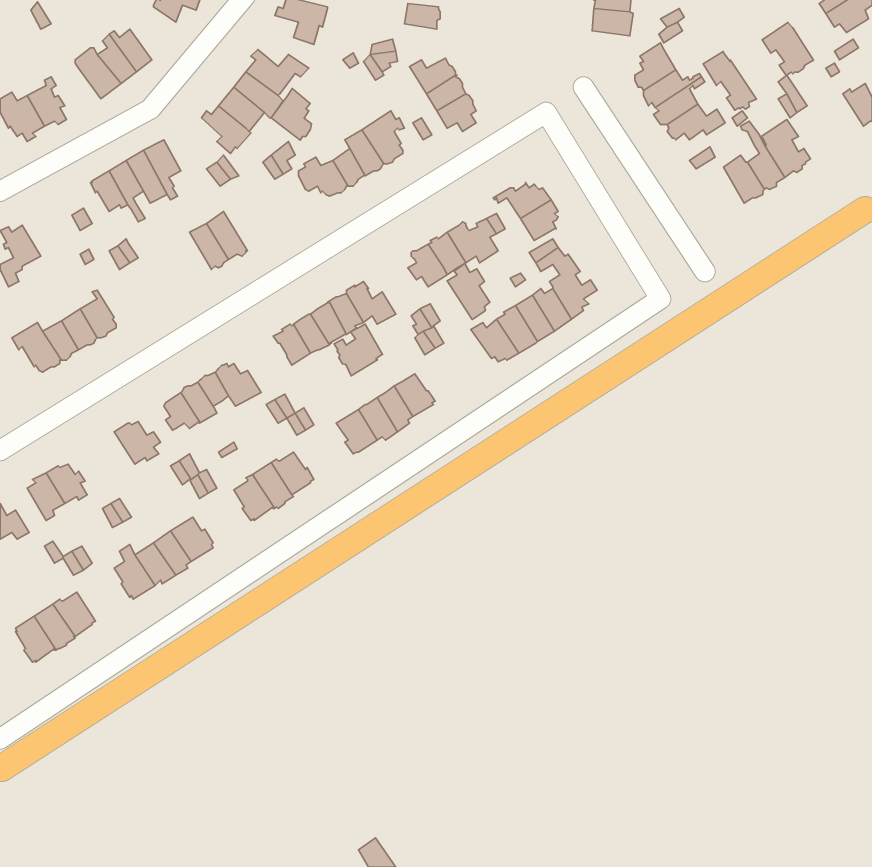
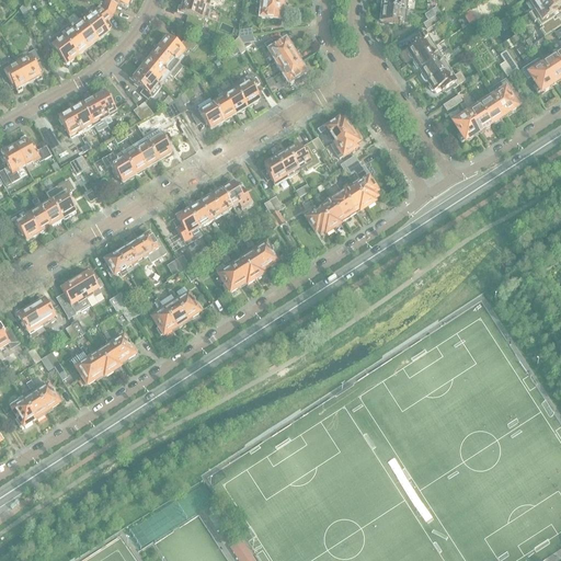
building: none -> [83,4,113,38]
building: [762,23,813,76] -> [522,57,554,91]
building: [703,52,756,110] -> none
building: [271,89,312,140] -> none
building: none -> [450,107,478,140]
building: none -> [144,127,171,161]
building: none -> [14,135,51,164]
building: none -> [101,149,136,180]
building: [447,264,490,319] -> none
building: [334,324,383,376] -> none
building: none -> [61,277,90,309]

